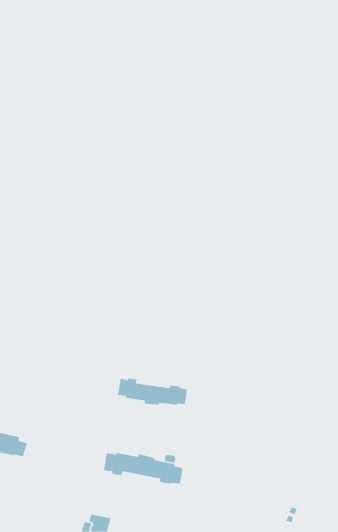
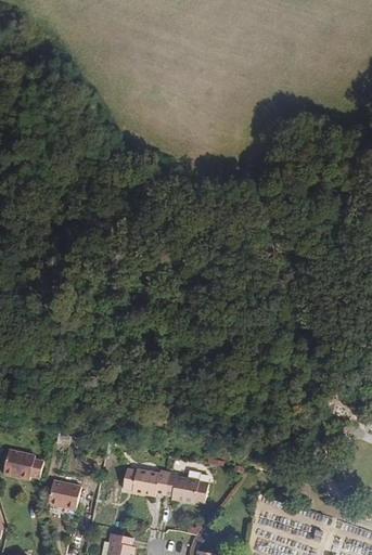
building: [117,378,188,406] -> none
building: none -> [57,483,89,507]

